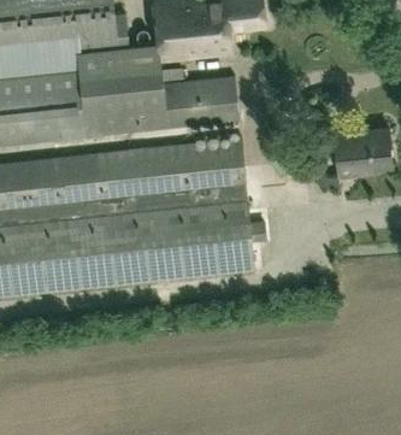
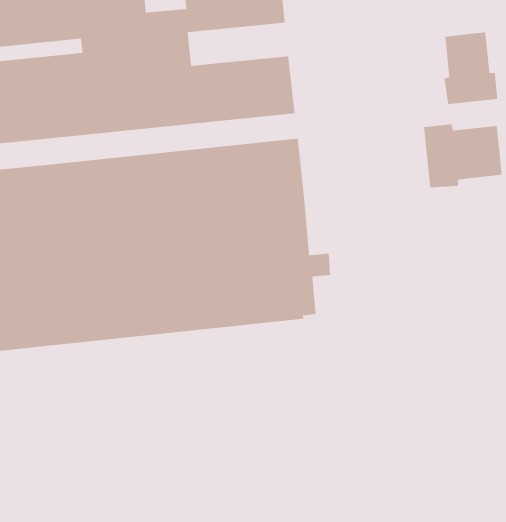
building: none -> [443,31,498,105]

